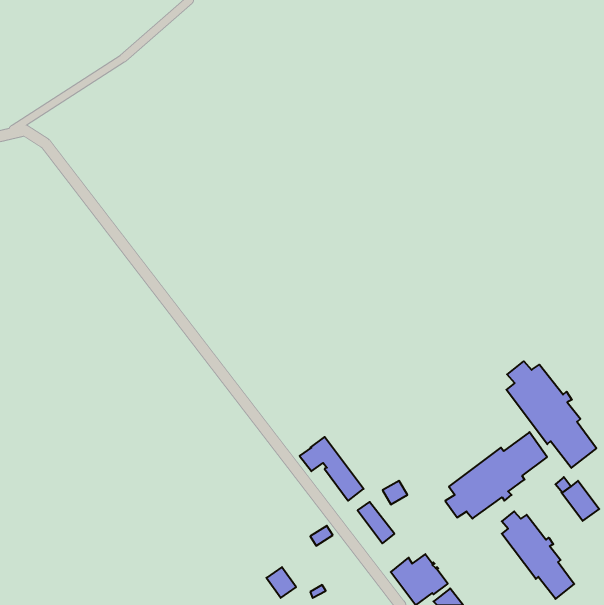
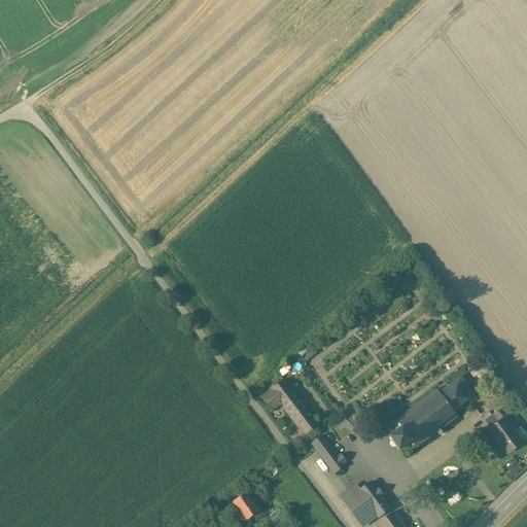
building: [506,361,596,468] -> none
building: [502,511,574,599] -> none

